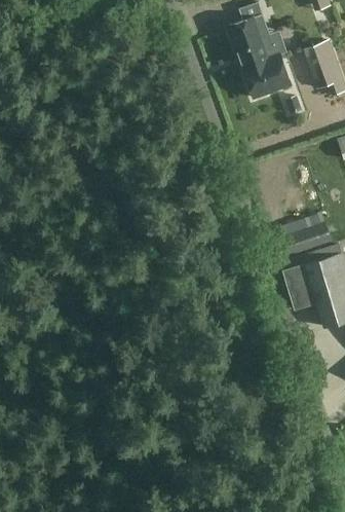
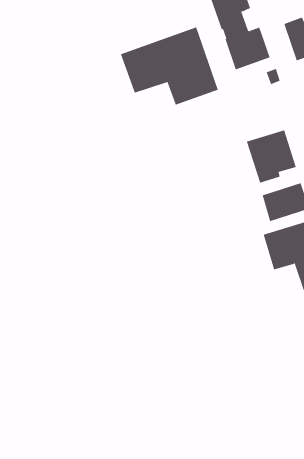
building: none -> [120,27,219,105]
building: none -> [246,129,296,183]

